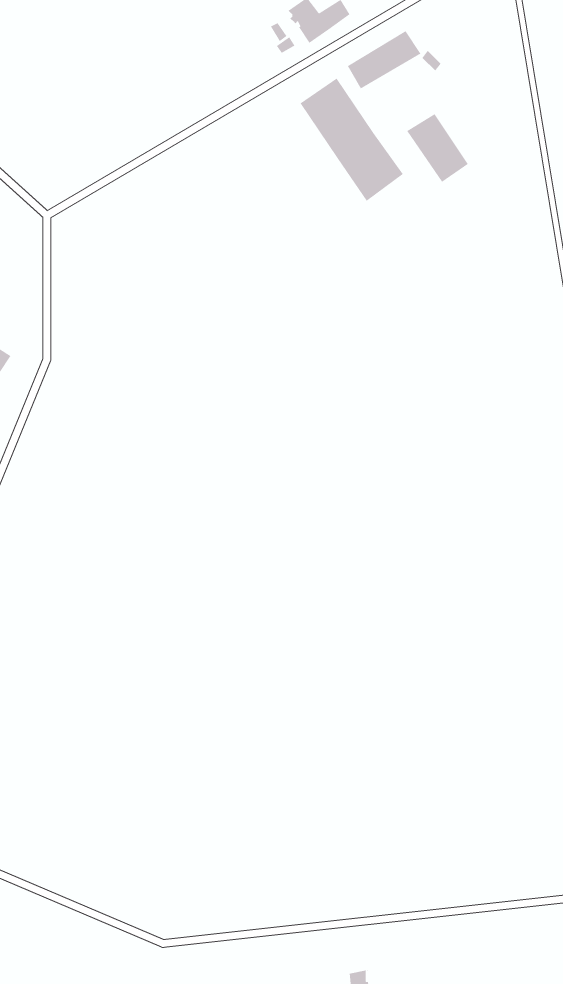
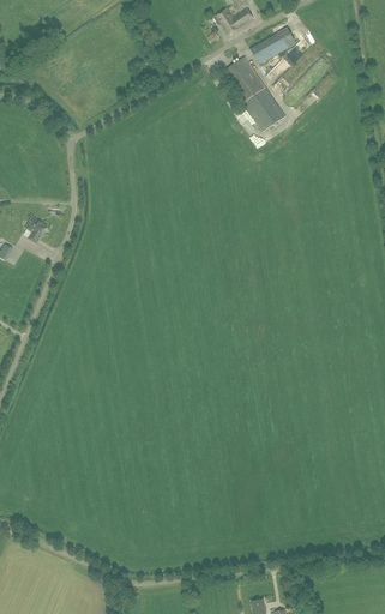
building: [406,113,469,183] -> none

